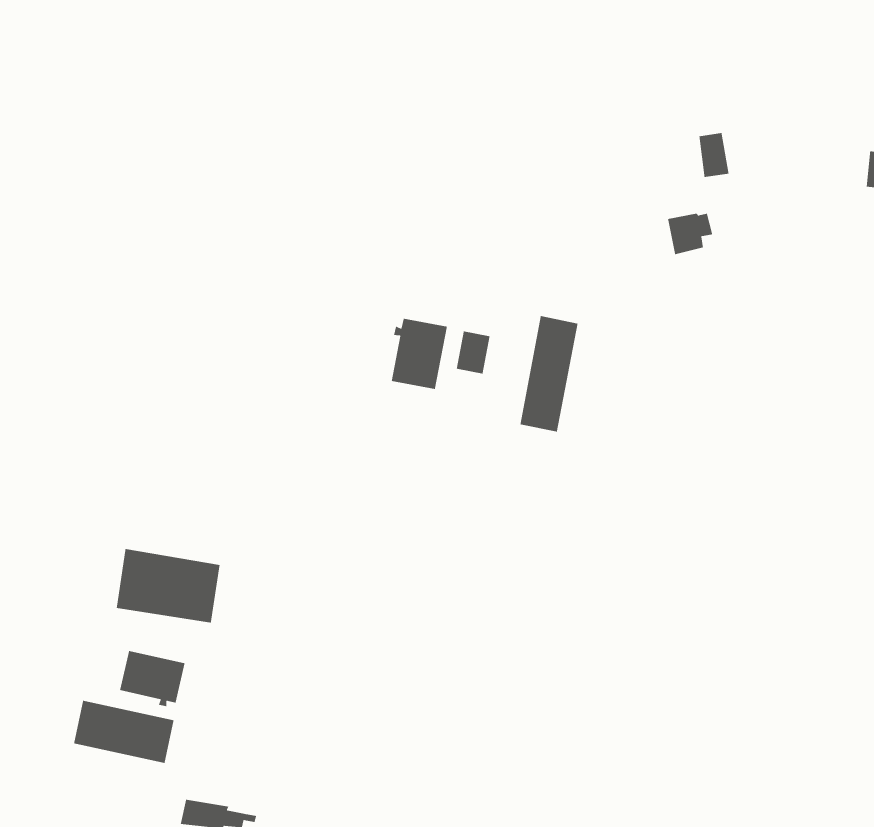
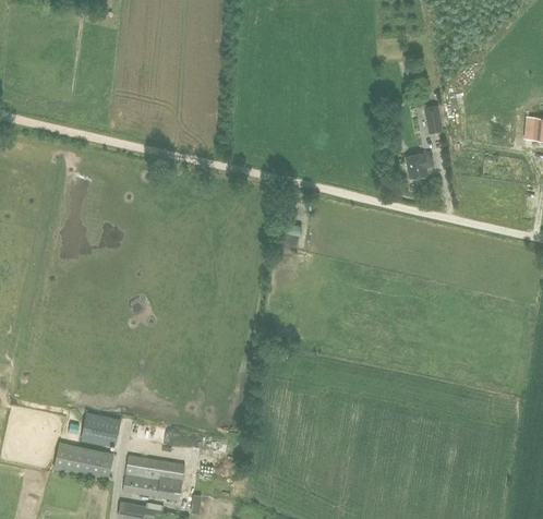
building: [519,315,578,433] -> none
building: [391,318,448,390] -> none
building: [116,548,221,623] -> [122,455,184,499]

